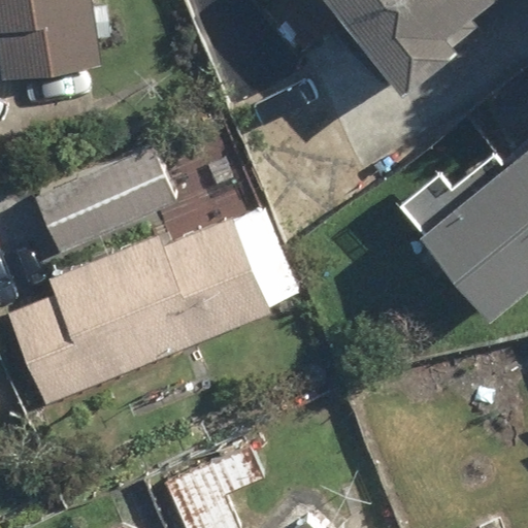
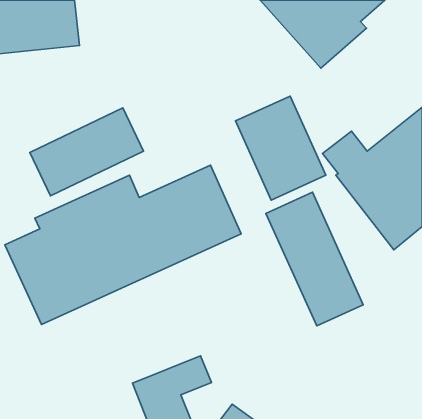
building: none -> [236,96,326,200]
building: none -> [266,192,363,326]

